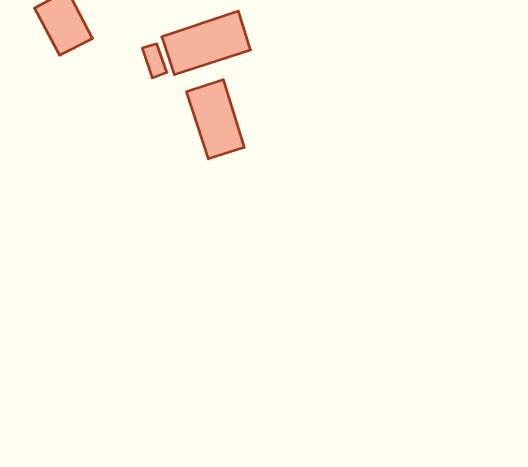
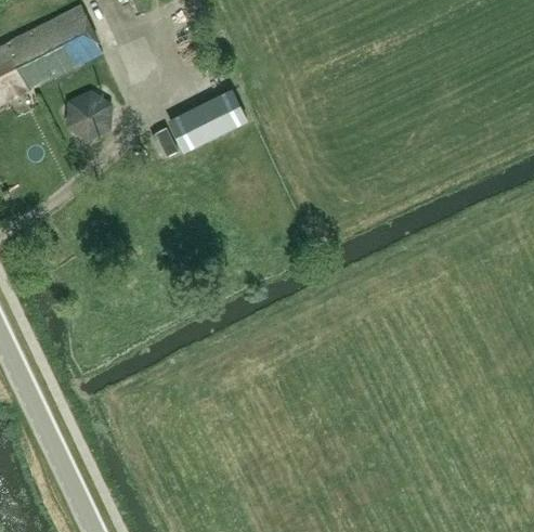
building: [187,80,244,159] -> none

